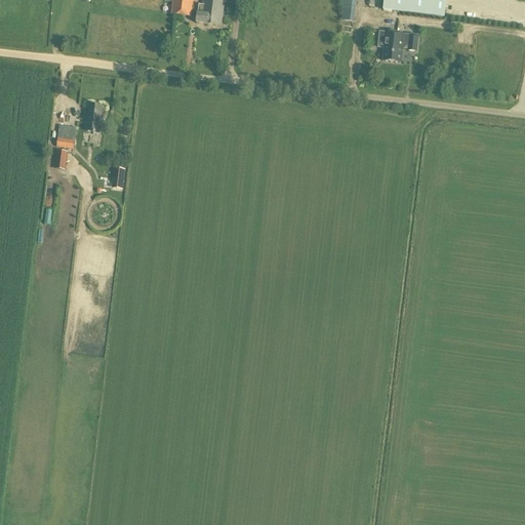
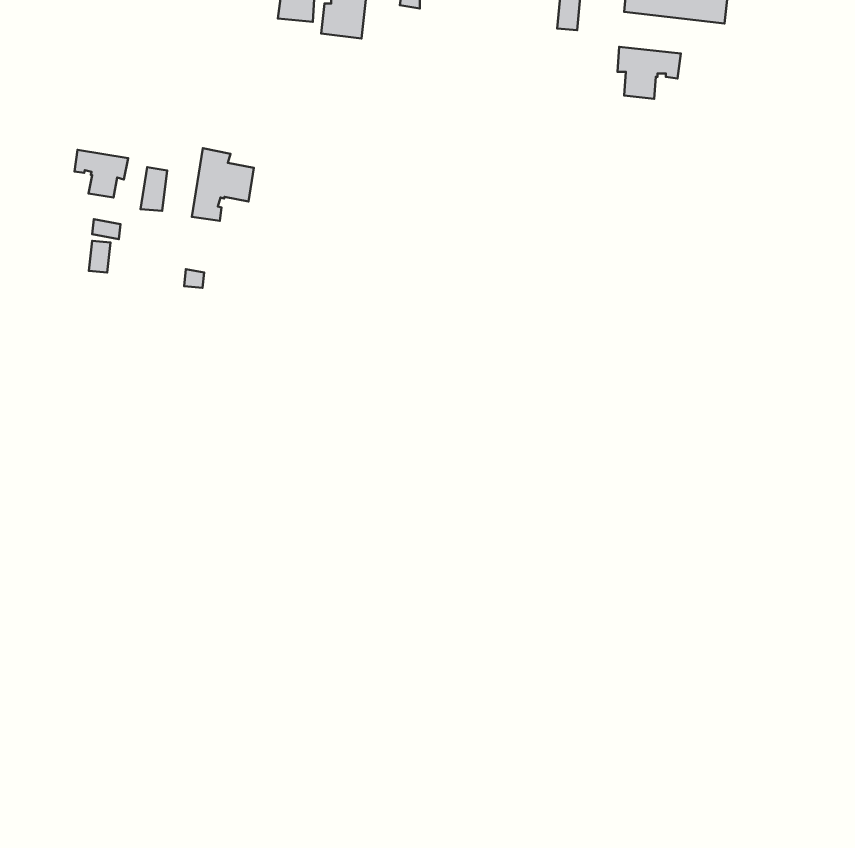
building: none -> [192,148,254,221]
building: none -> [74,150,128,197]

